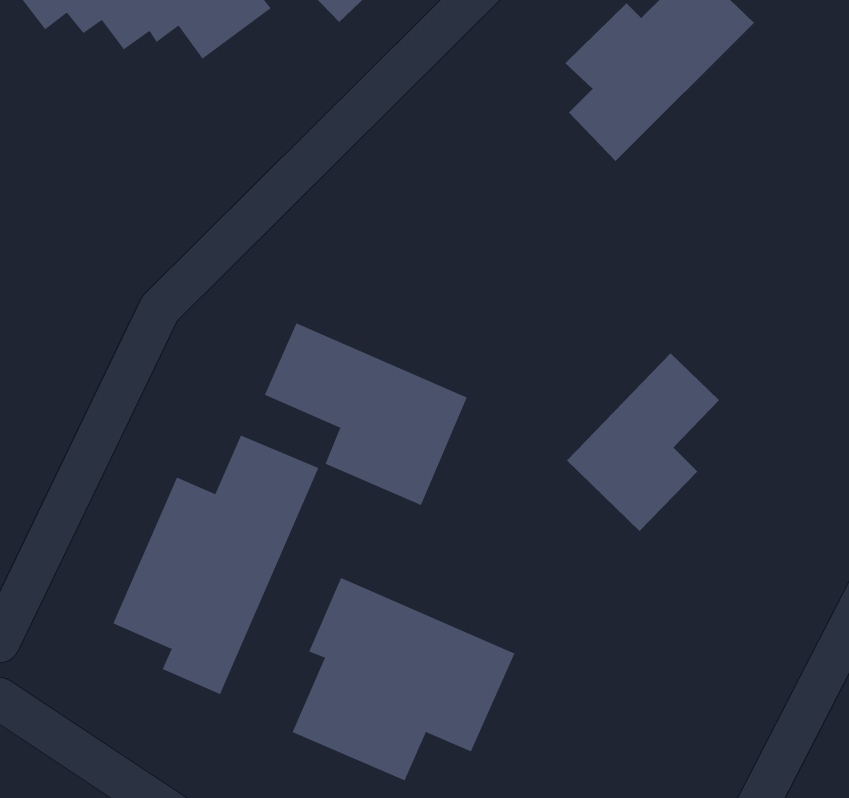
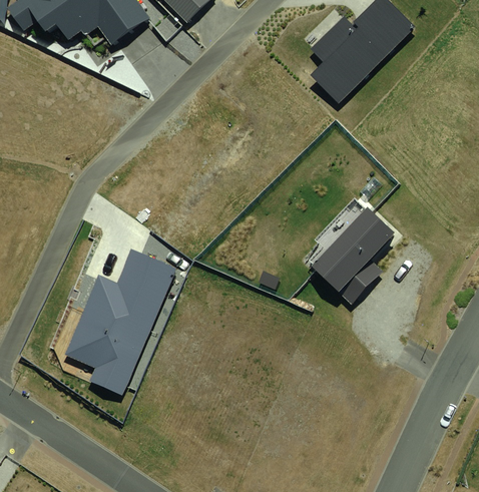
building: [264,322,468,506] -> none
building: [292,577,515,781] -> none

